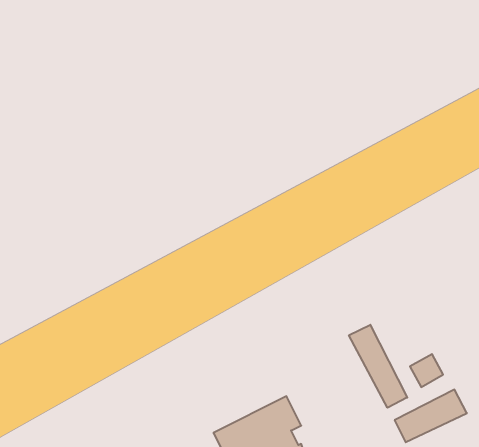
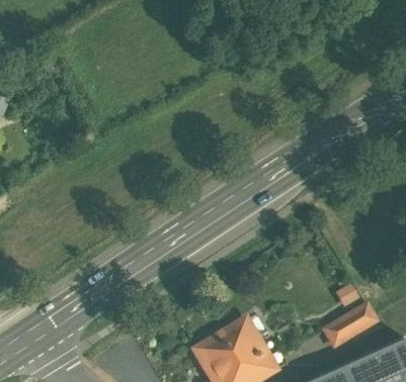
building: [349,325,407,408] -> none

